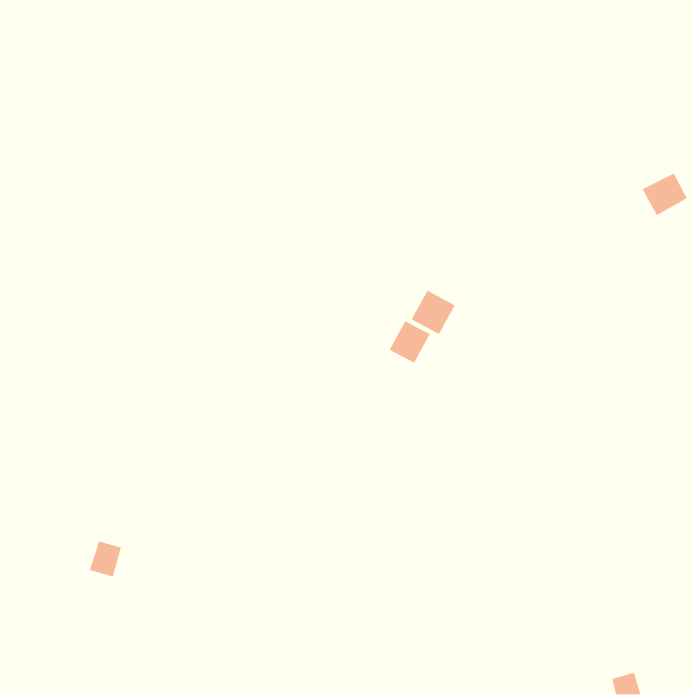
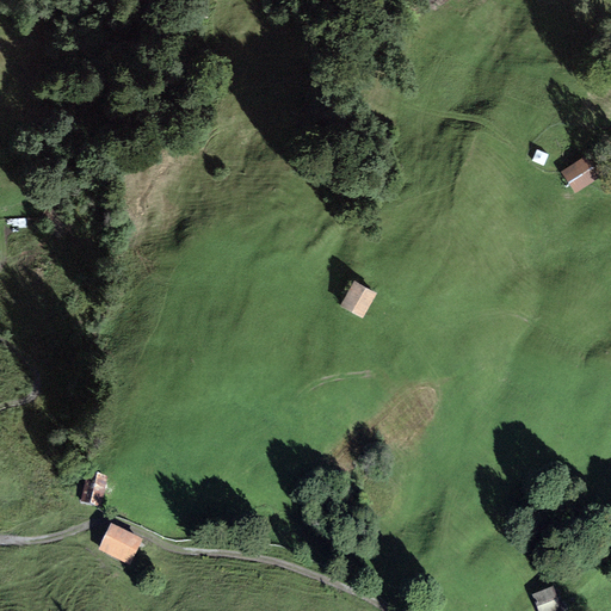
building: [410,290,456,335] -> none
building: none -> [97,526,138,566]

